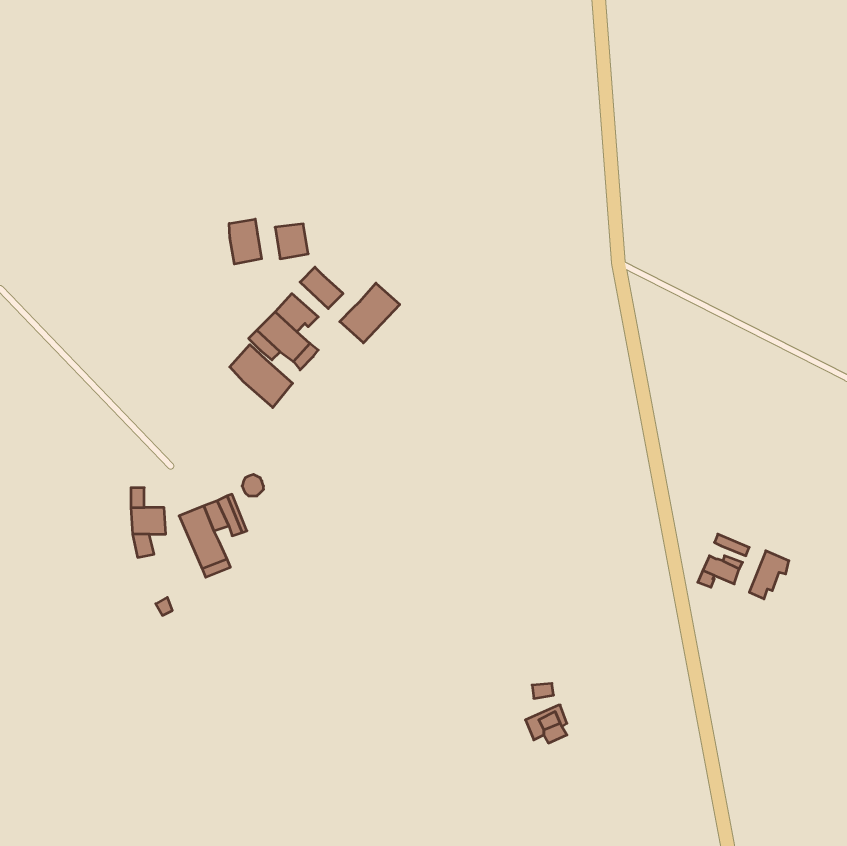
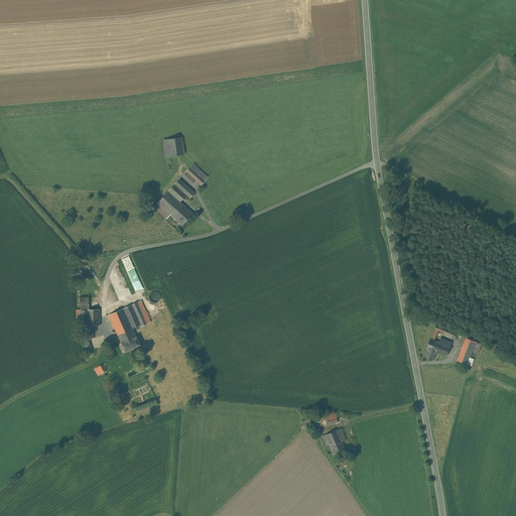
building: [229,219,262,264] -> none
building: [340,283,400,343] -> none
building: [230,345,293,408] -> none

